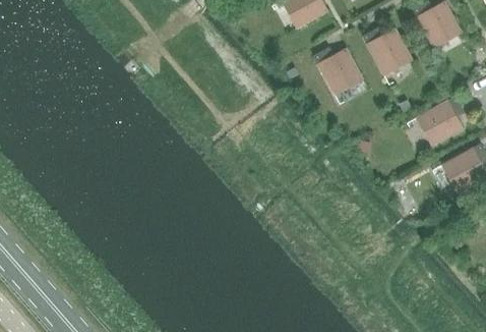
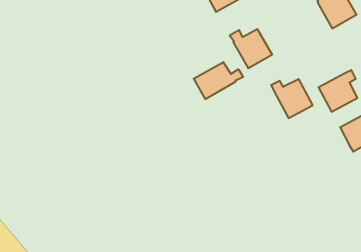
building: [363,29,412,74] -> [271,79,313,118]
building: none -> [194,62,243,99]

